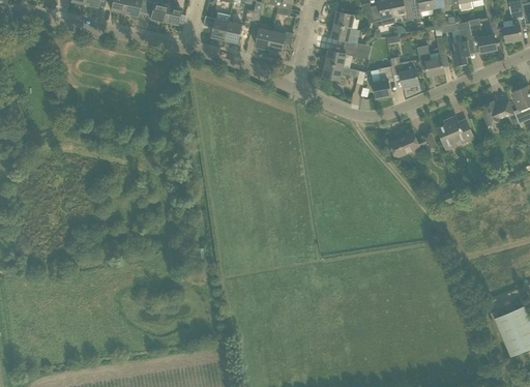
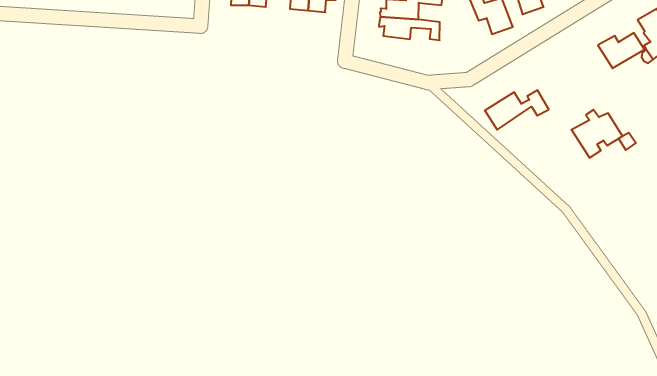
building: [373,67,394,98] -> none
building: [436,116,473,151] -> [571,110,623,158]

